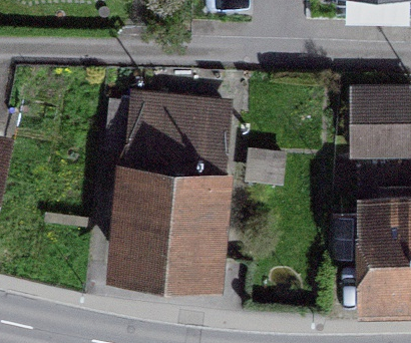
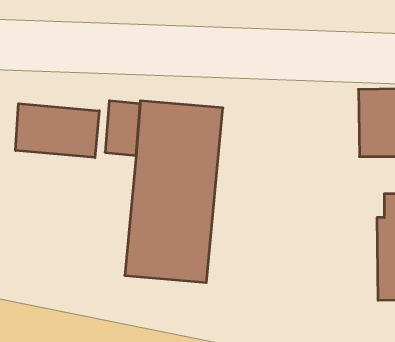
building: none -> [16,104,99,158]

